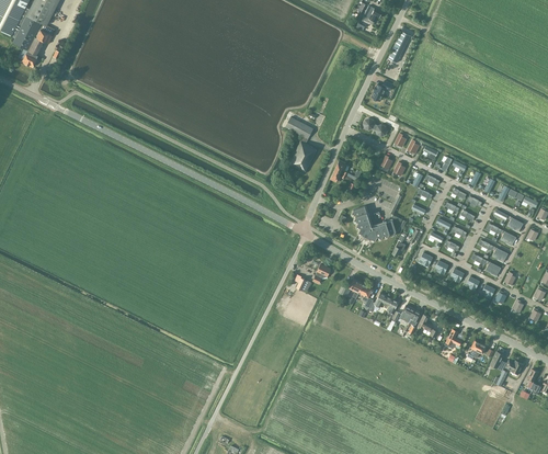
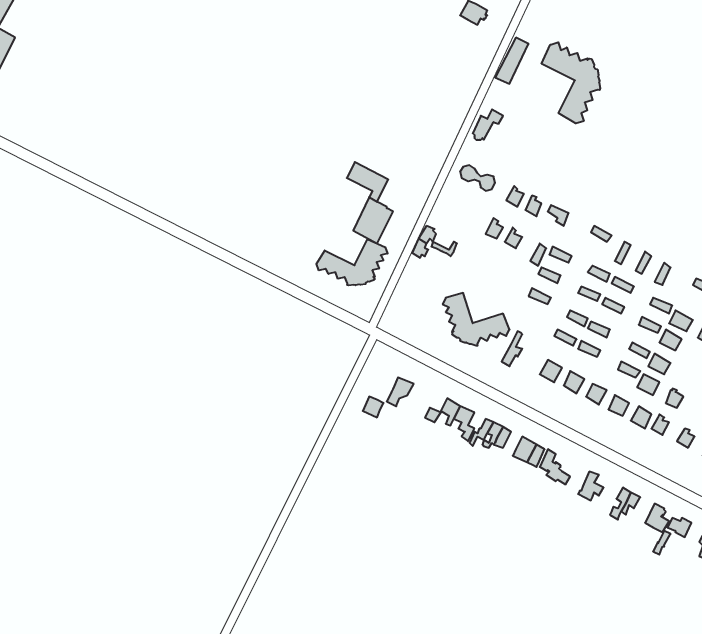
building: none -> [542,42,600,123]
building: none -> [316,239,388,285]

